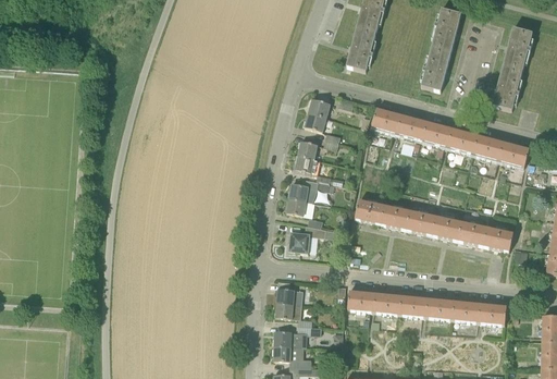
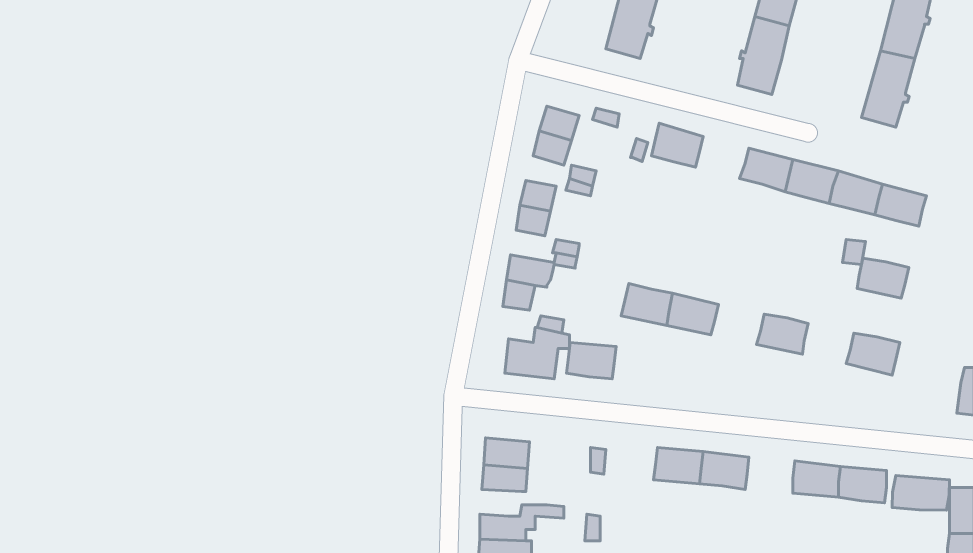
building: [397,115,428,139] -> none
building: [406,211,436,234] -> none
building: [458,222,487,245] -> [857,258,909,298]
building: [347,291,375,311] -> [566,343,616,379]
building: [425,298,454,319] -> none
building: none -> [892,475,950,510]

